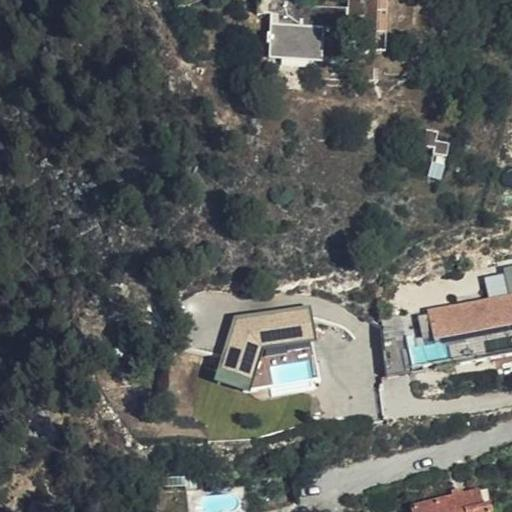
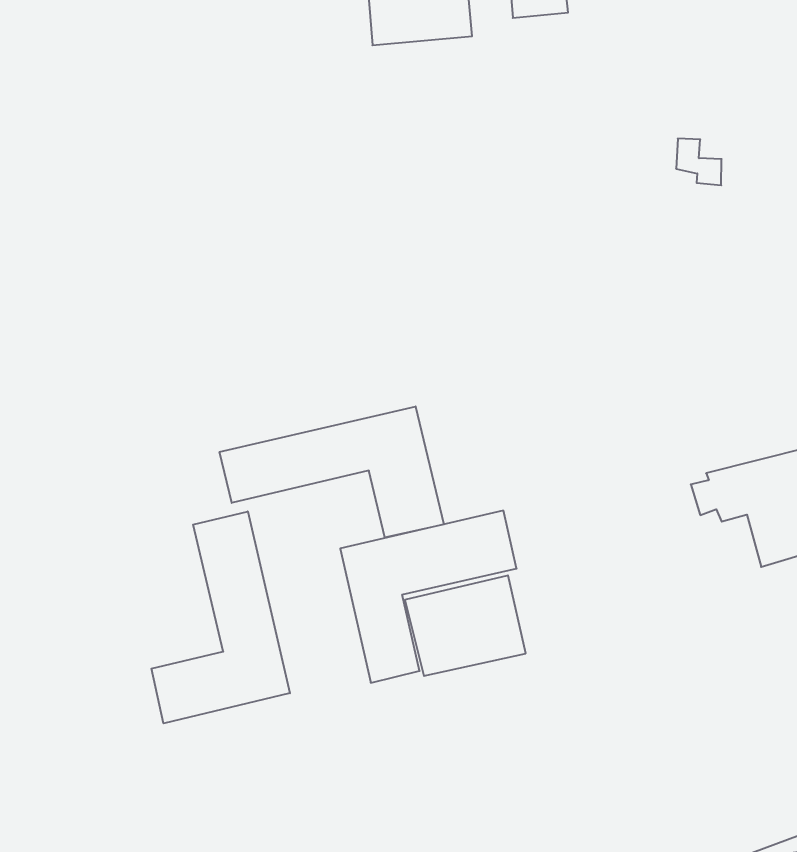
building: none -> [220,406,444,538]
building: none -> [151,511,290,723]

